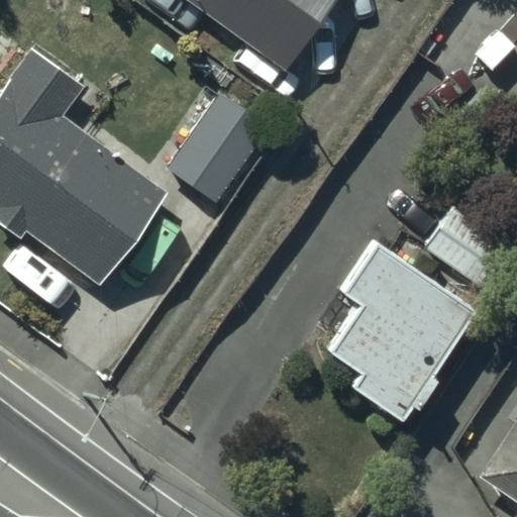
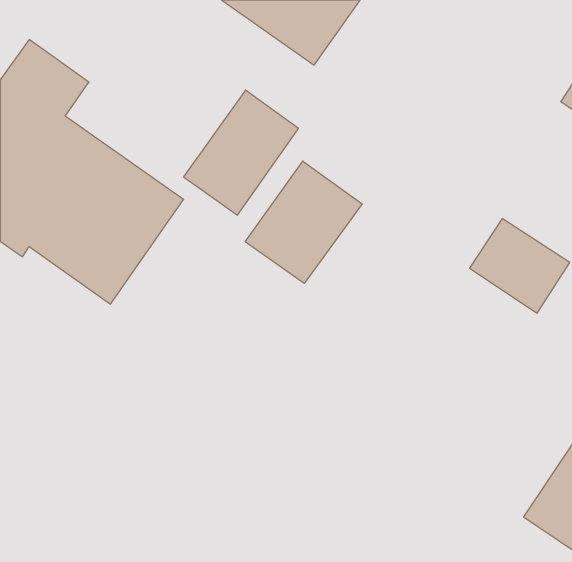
building: none -> [245,161,362,283]
building: [326,239,476,418] -> none

